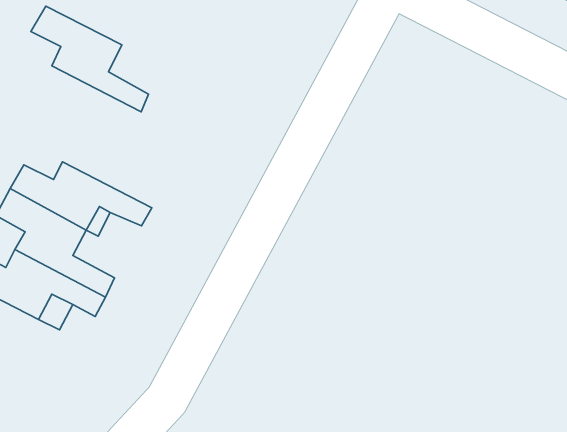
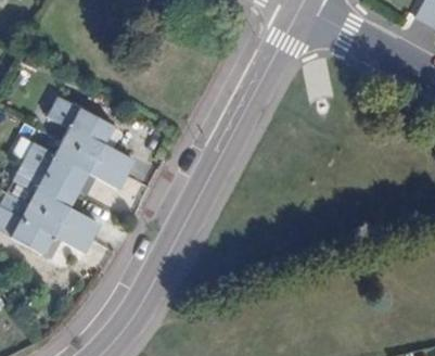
building: [31,6,149,112] -> [46,94,131,171]

